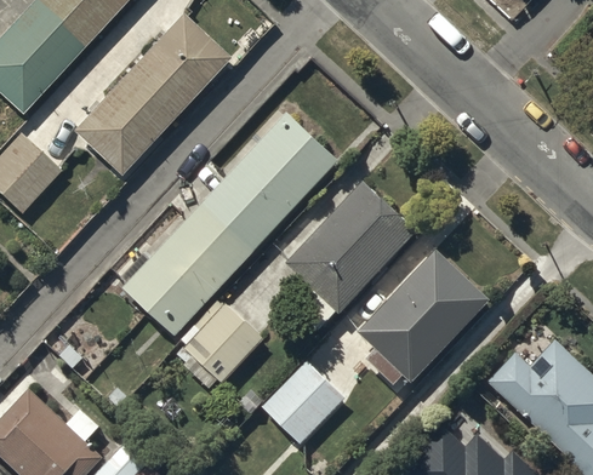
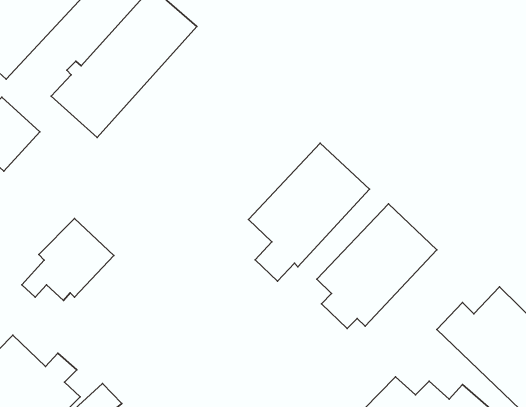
building: [120,107,338,333] -> none
building: [162,299,262,388] -> [22,219,114,301]
building: [262,360,346,443] -> none

